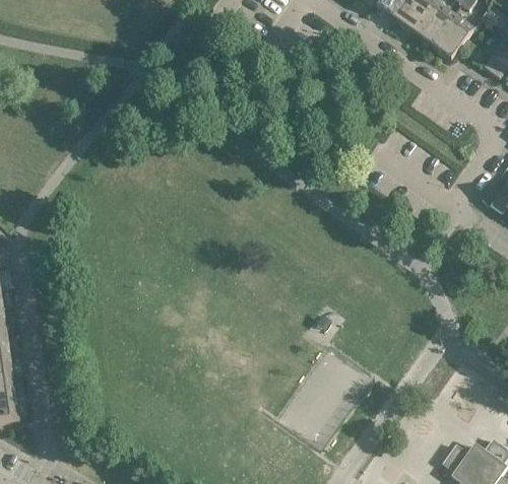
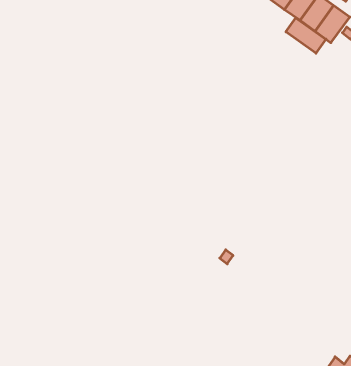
building: none -> [286,18,326,53]

